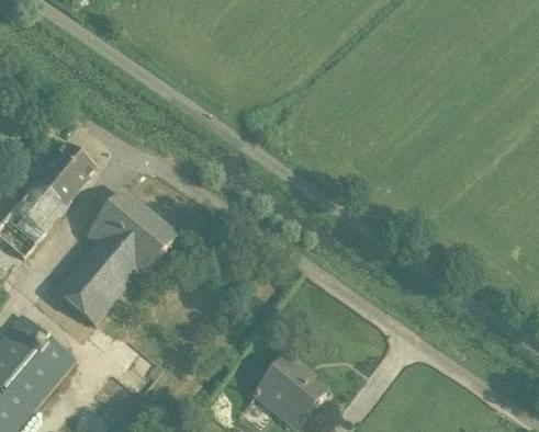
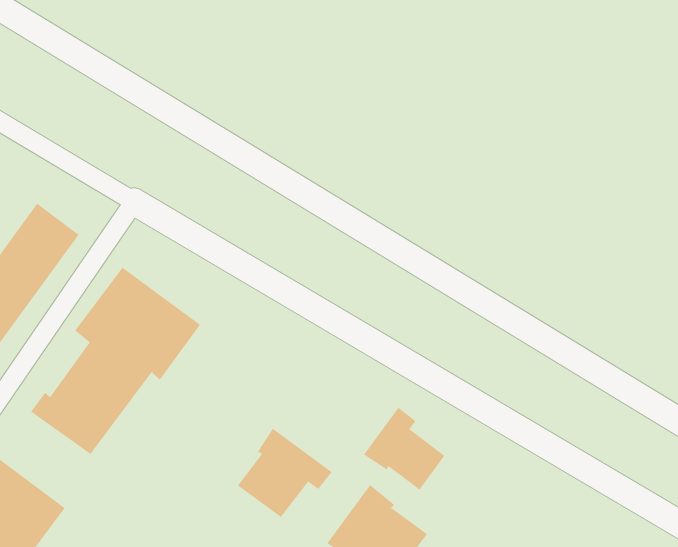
building: none -> [363,407,445,491]
building: none -> [237,428,333,518]

